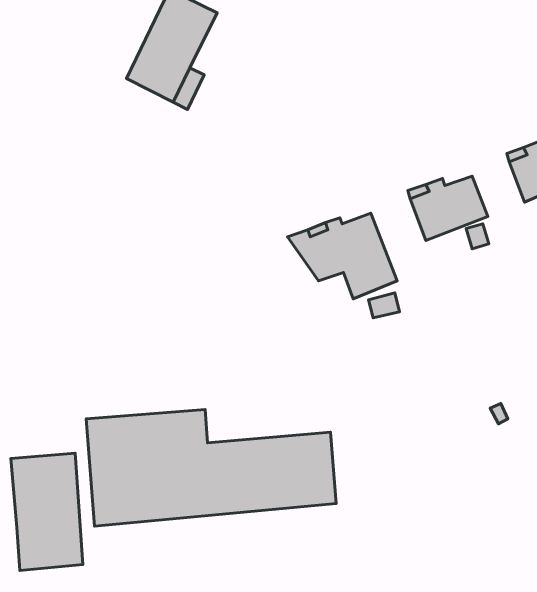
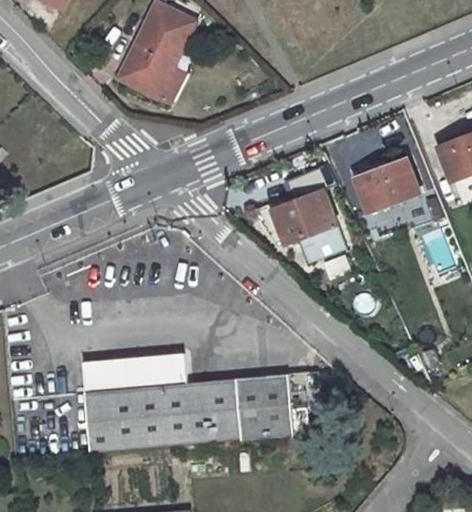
building: [11,453,83,571] -> none

